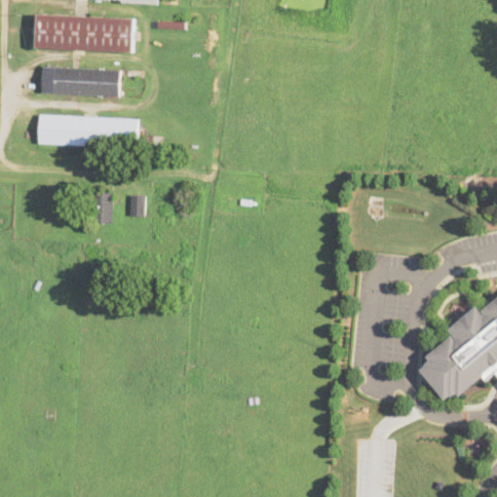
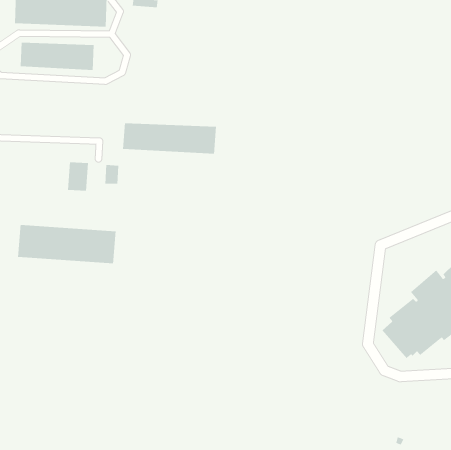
building: [37,115,136,148] -> [122,123,217,154]
building: none -> [18,224,116,264]

